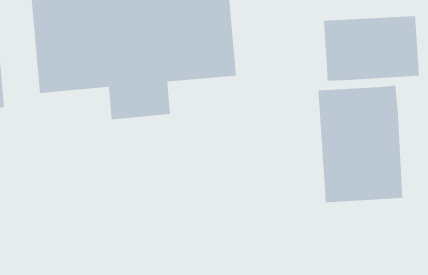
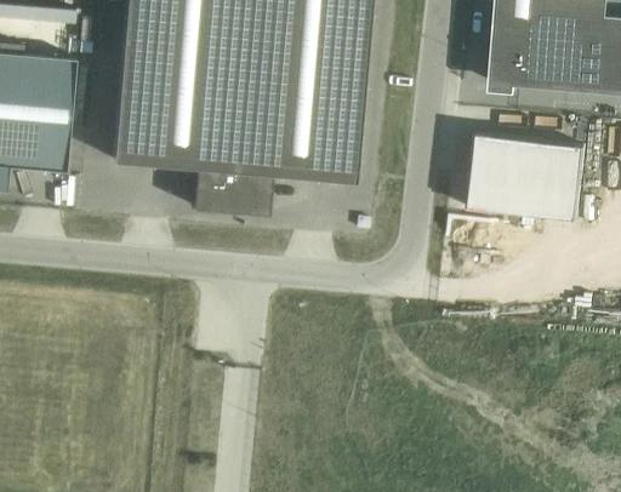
building: [317,85,403,203] -> none

